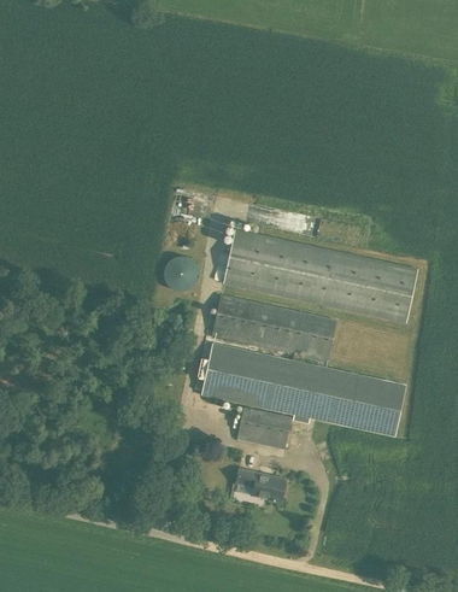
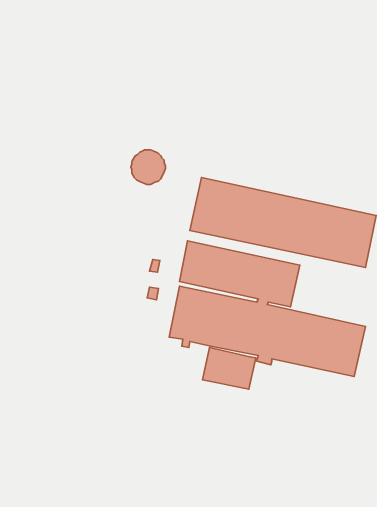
building: [162,254,198,291] -> [131,150,165,185]
building: [235,468,286,502] -> none

